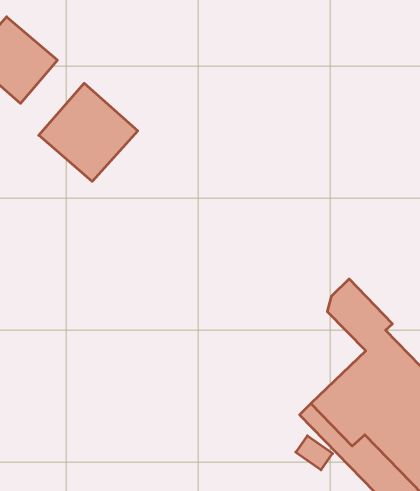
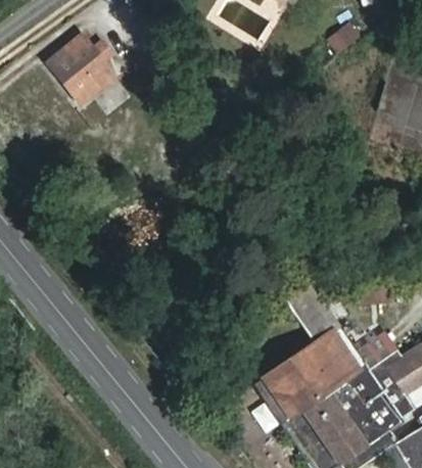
building: [39,83,138,181] -> none

